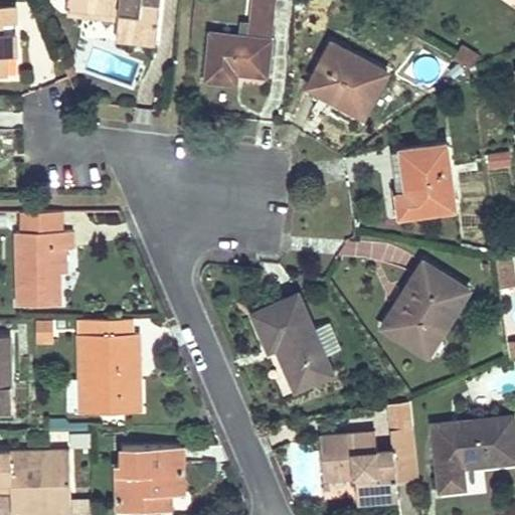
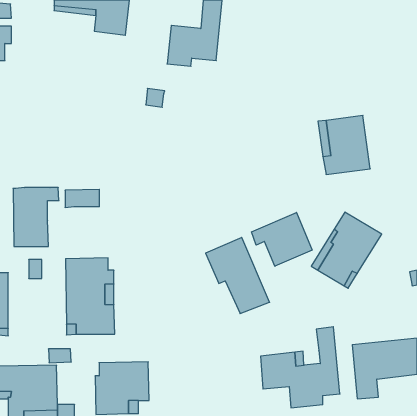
building: [308,45,385,118] -> none
building: [19,212,61,234] -> [65,189,99,207]
building: none -> [252,212,312,266]

